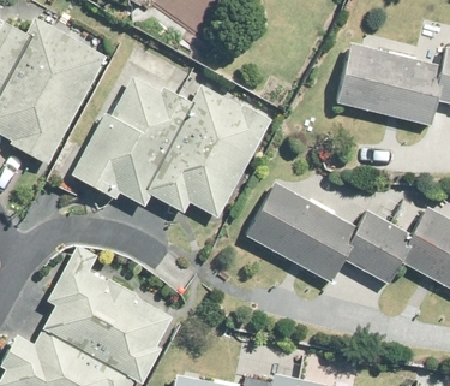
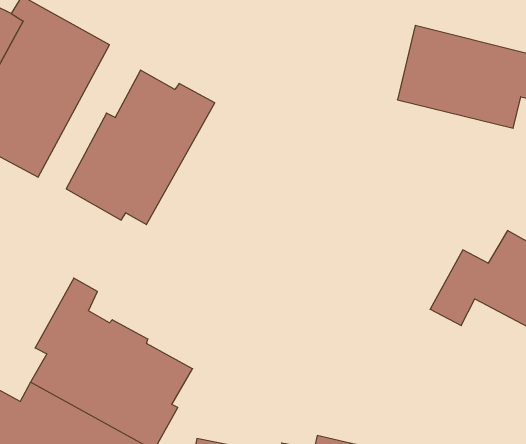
building: [136,84,271,219] -> none
building: [246,182,391,283] -> none

